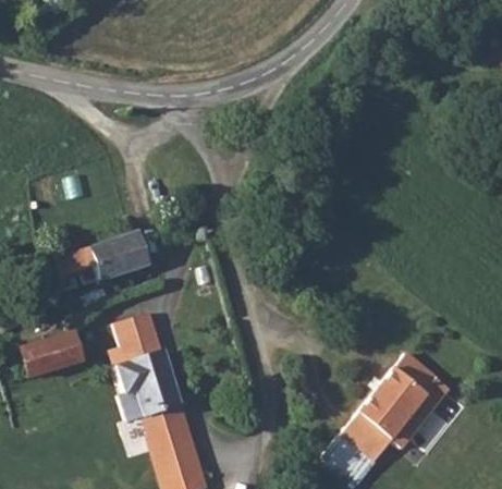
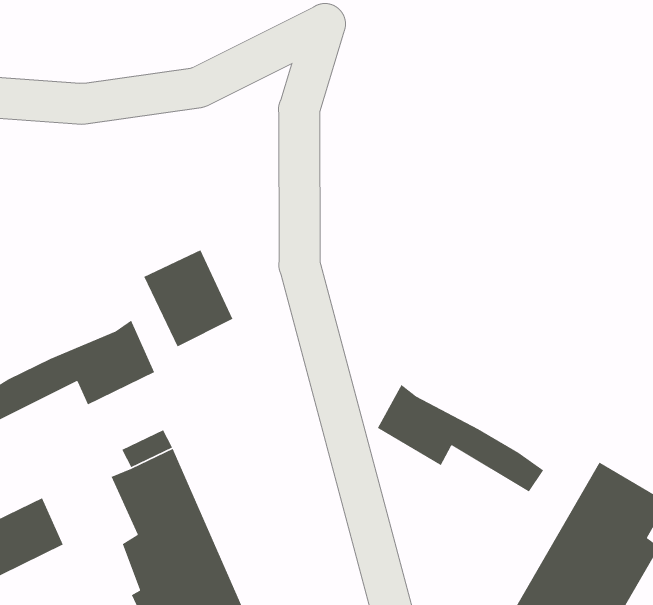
building: none -> [143,249,233,347]
building: none -> [377,384,544,492]

